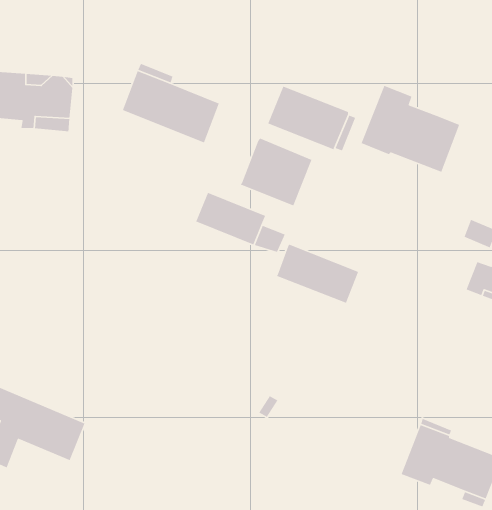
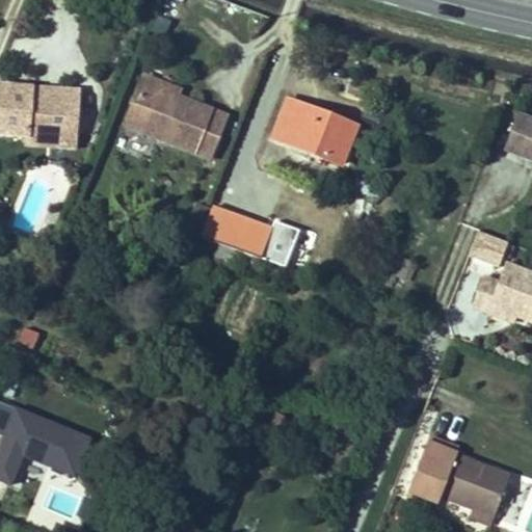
building: [361,85,460,173] -> none
building: [240,137,313,207] -> none
building: [276,244,359,304] -> none

